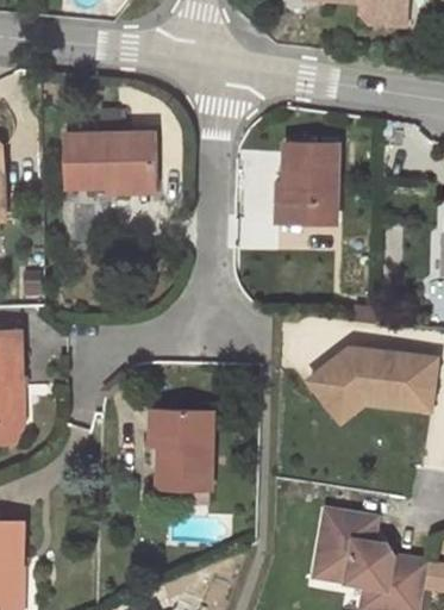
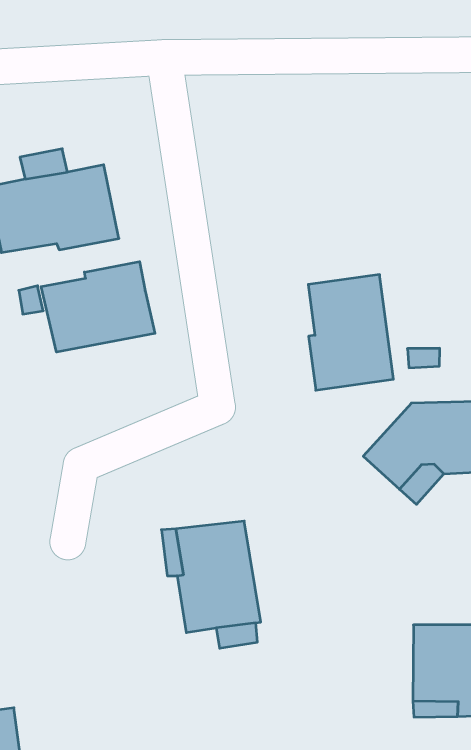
building: [277,143,338,223] -> [308,275,393,390]
building: none -> [41,262,155,352]

